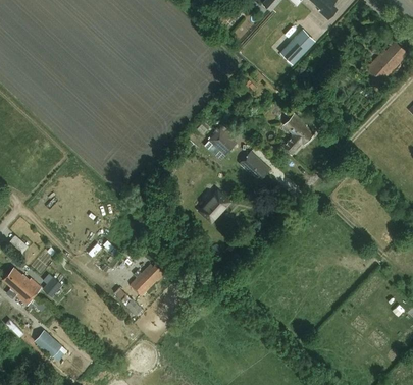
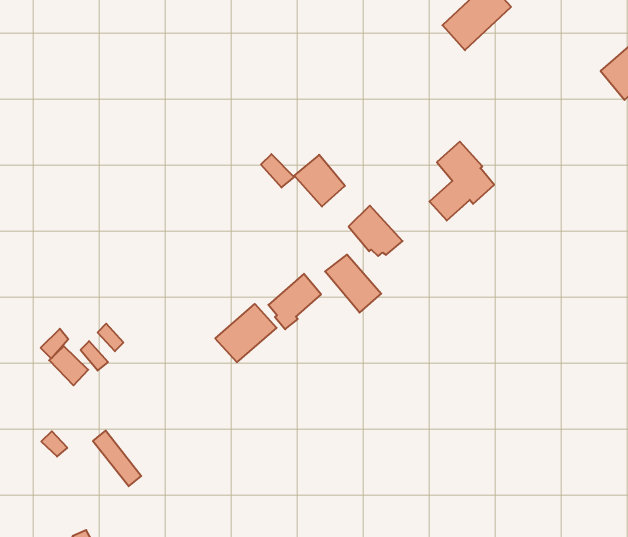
building: none -> [325,255,381,313]
building: none -> [215,304,277,362]
building: [130,263,165,295] -> none

